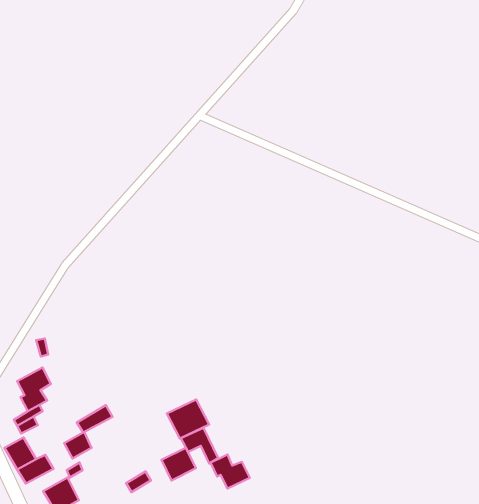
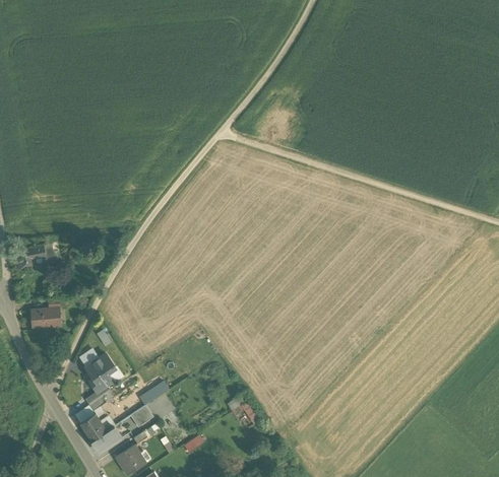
building: [167,399,209,439] -> none
building: [162,448,196,480] -> none
building: [210,455,250,489] -> none

